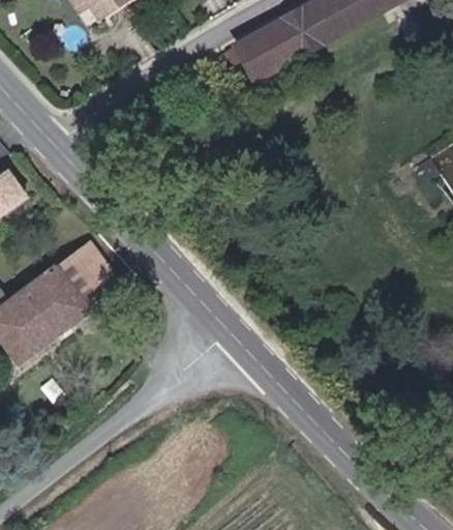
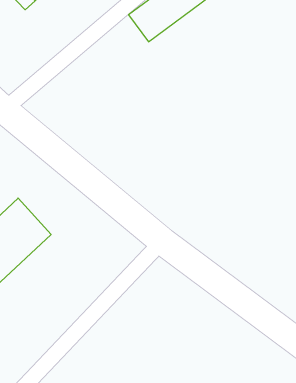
building: [60,241,119,307] -> none

